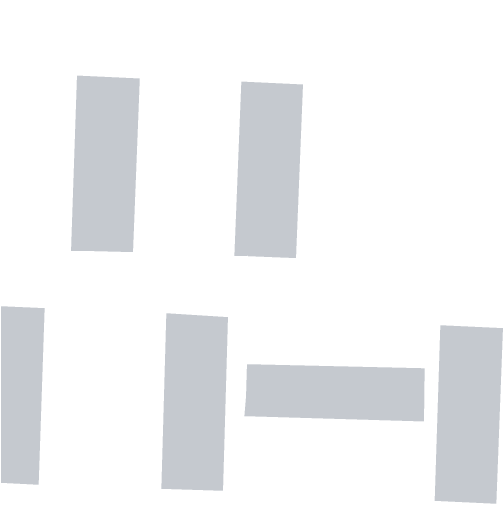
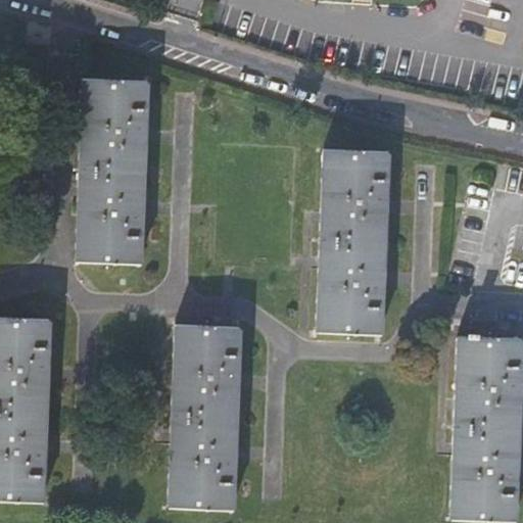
building: [233,81,304,258] -> [317,149,389,332]
building: [244,363,425,422] -> none

